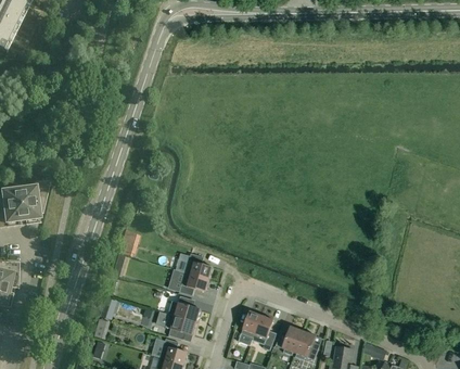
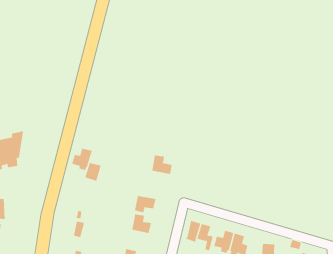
building: none -> [72,148,92,171]
building: [184,253,212,279] -> [151,155,173,174]
building: [165,314,195,339] -> none

